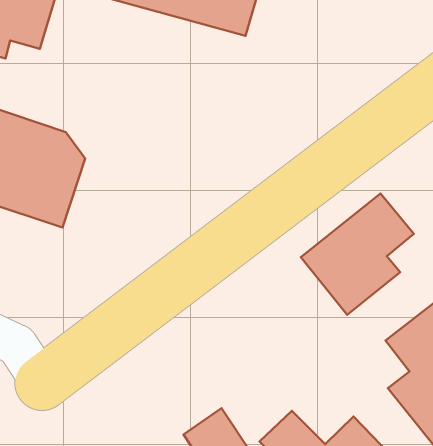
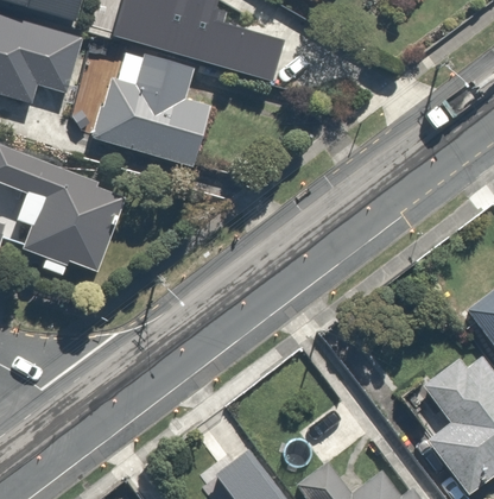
building: none -> [93,53,213,168]
building: [301,193,414,315] -> none

